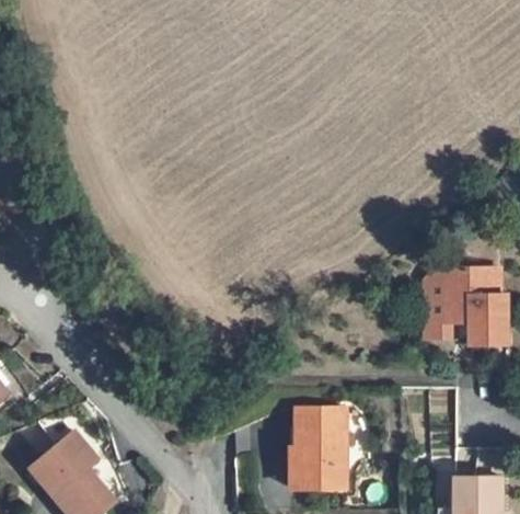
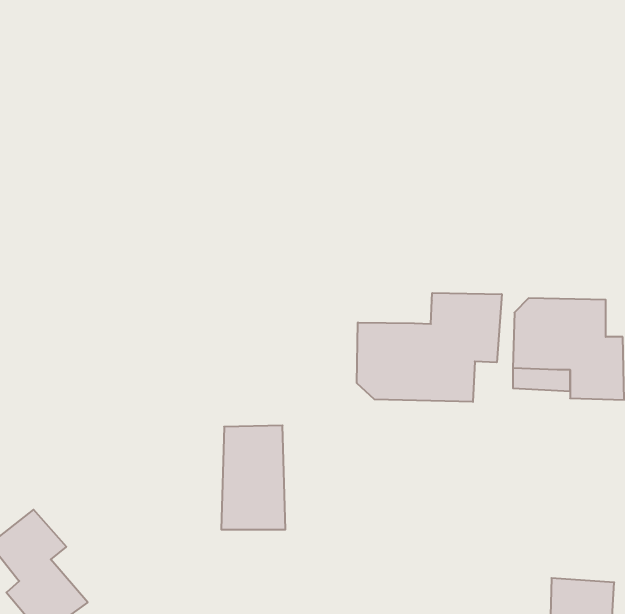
building: none -> [357,293,502,402]
building: [298,411,347,491] -> [221,425,285,530]

